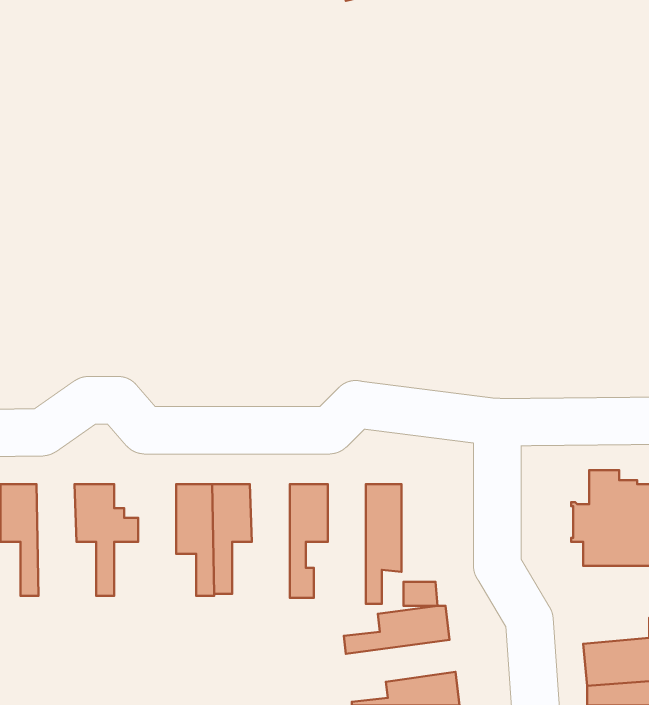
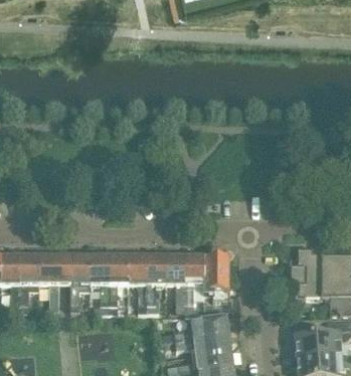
building: none -> [204,251,229,298]
building: none -> [20,253,40,310]
building: none -> [59,253,91,310]
building: none -> [128,253,148,311]
building: none -> [167,253,186,311]
building: none -> [176,332,231,353]

